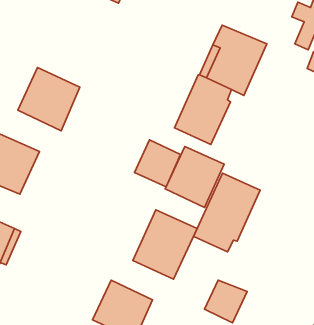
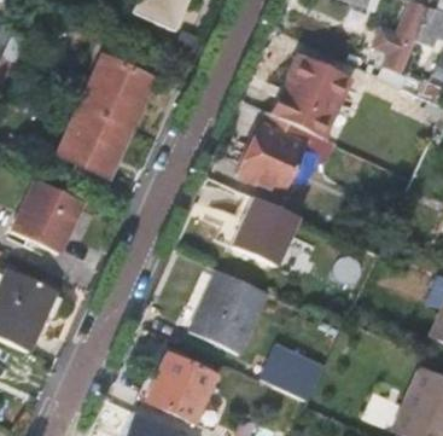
building: none -> [81,58,153,129]
building: [134,140,181,187] -> none
building: [194,173,260,252] -> none

